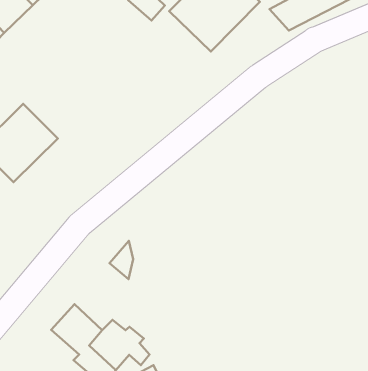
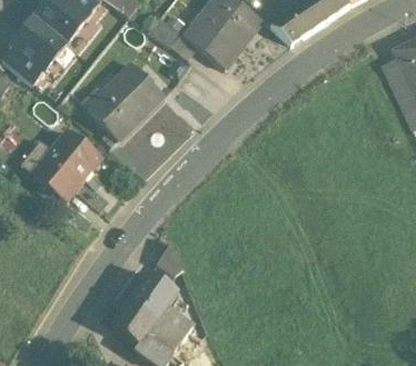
building: none -> [86,63,162,139]
building: none -> [129,271,176,320]

